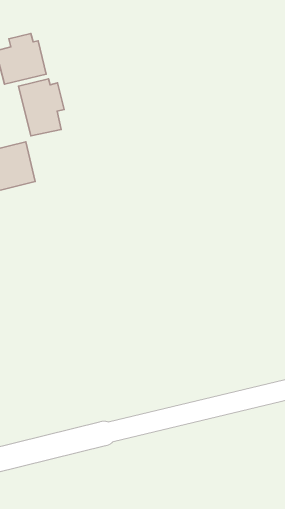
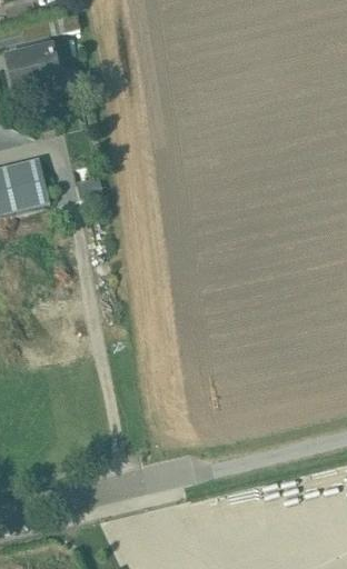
building: [19,79,64,136] -> none

